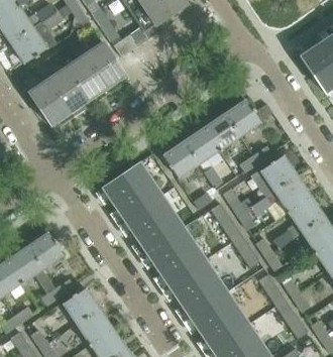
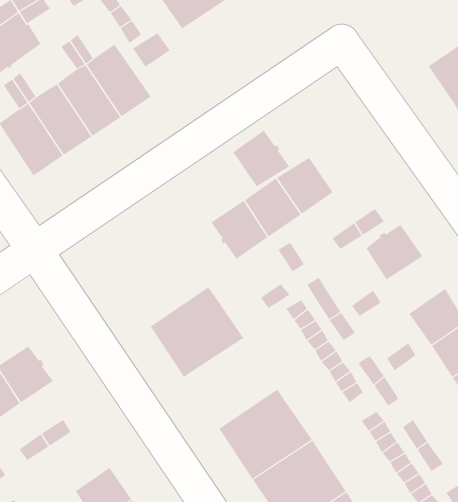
building: [225,99,261,135] -> [232,130,290,187]
building: [102,162,161,220] -> none
building: [273,175,311,212] -> none
building: [145,227,205,284] -> none
building: [63,287,99,324] -> none

